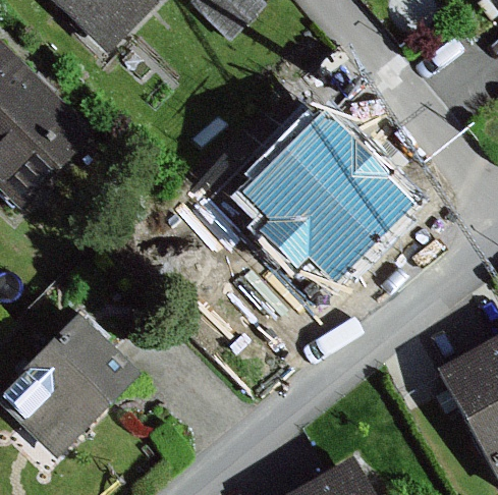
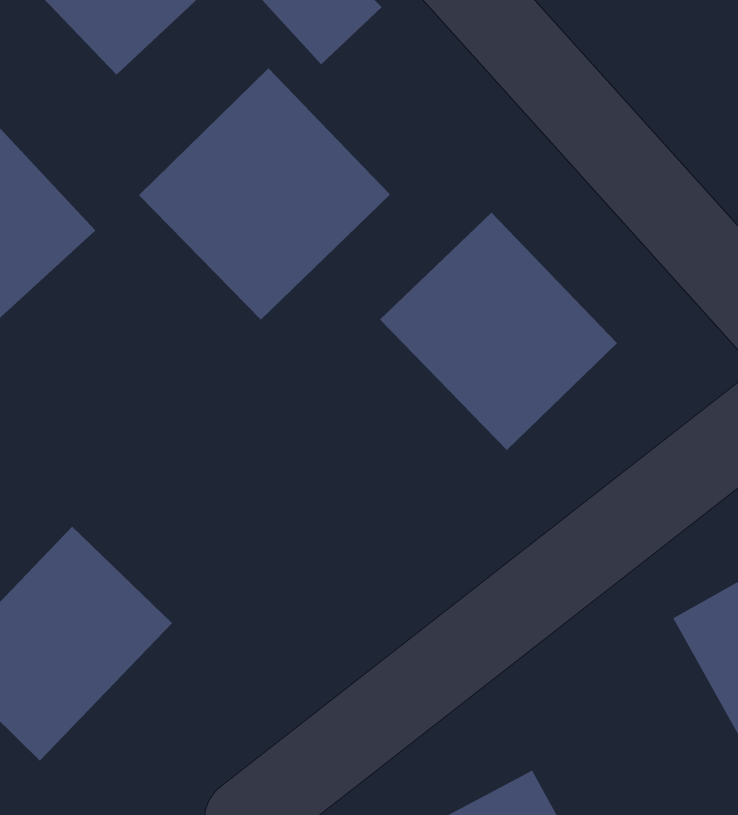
building: none -> [138,67,391,321]

